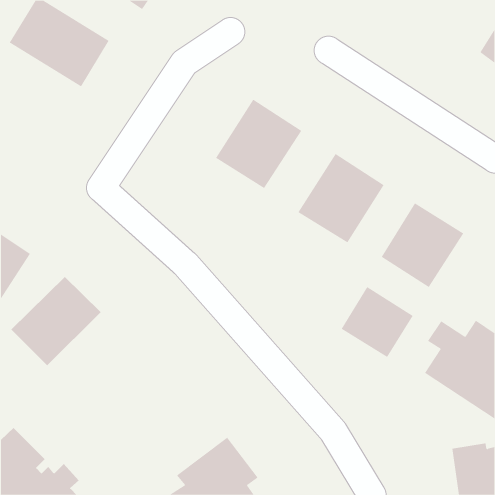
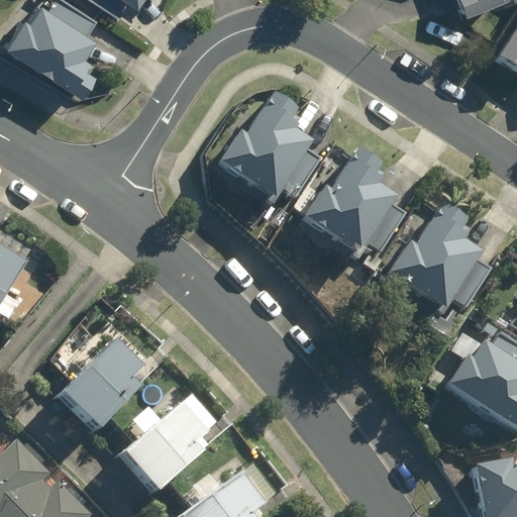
building: [10,276,102,366] -> [54,344,148,438]
building: [341,286,414,358] -> none
building: none -> [112,398,219,500]

